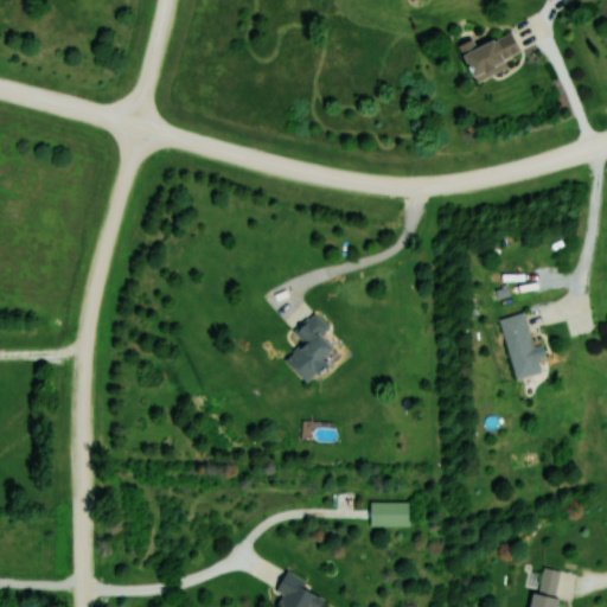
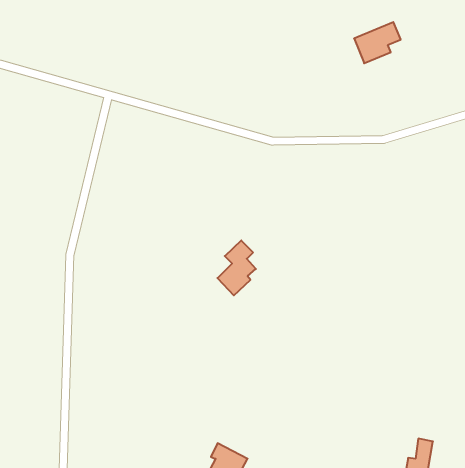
building: [501,313,542,379] -> none
building: [371,503,414,526] -> none

